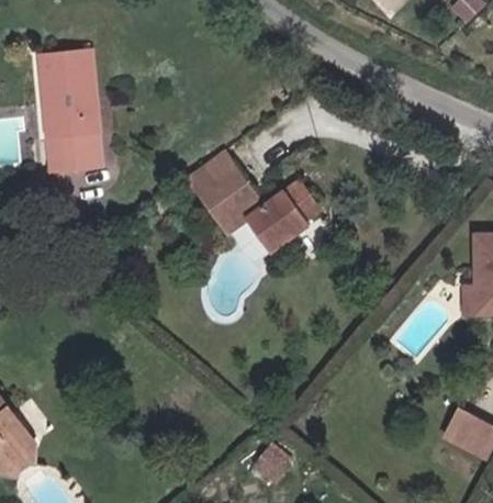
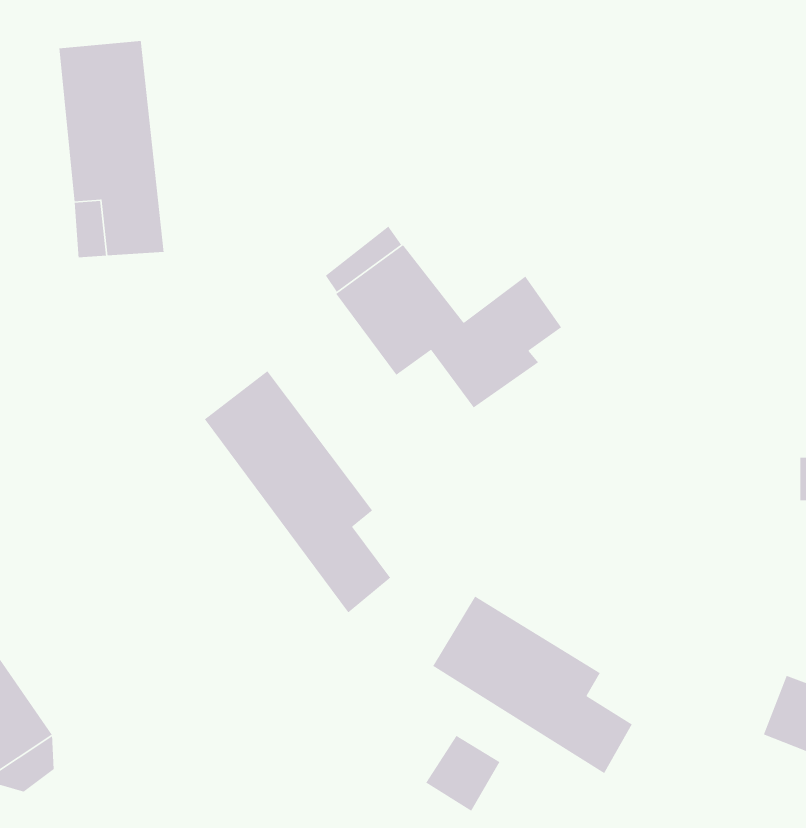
building: none -> [204,370,391,613]
building: none -> [432,596,633,774]

